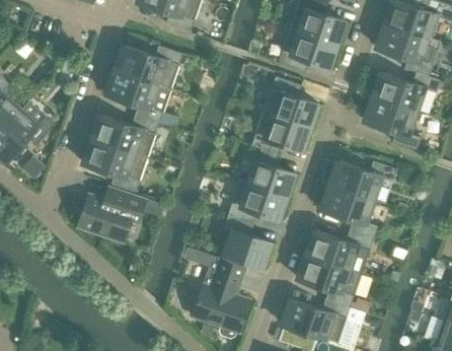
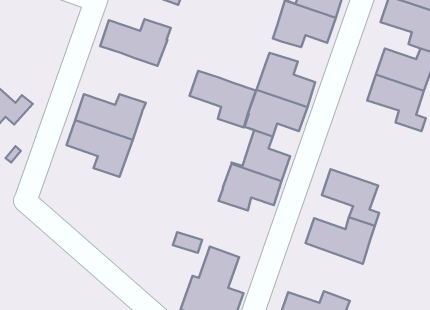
building: [108,71,170,124] -> [190,71,256,127]
building: [331,161,397,201] -> none
building: [78,187,145,242] -> none
building: [223,215,271,267] -> none
building: [300,255,362,308] -> none

